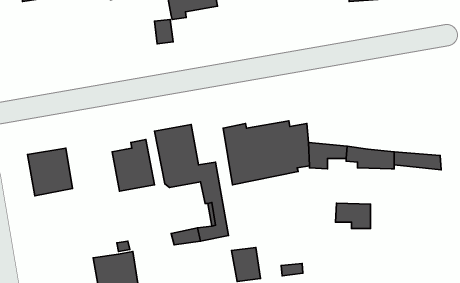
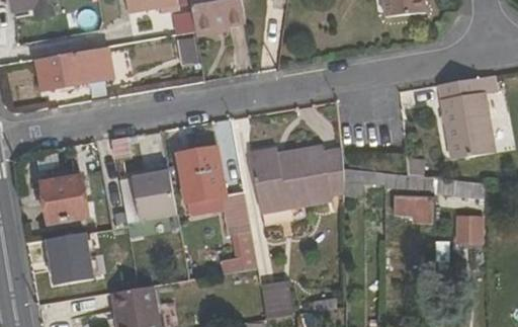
building: none -> [35,47,109,90]
building: none -> [437,75,496,159]
building: none -> [451,214,481,250]
building: none -> [44,231,91,283]
building: [336,203,370,229] -> [394,195,431,223]

